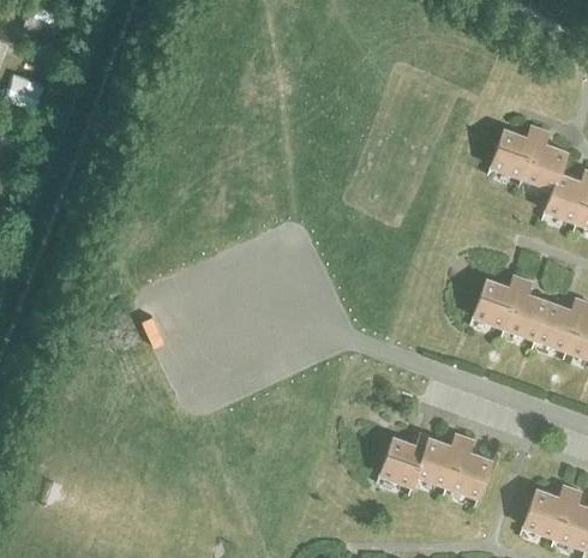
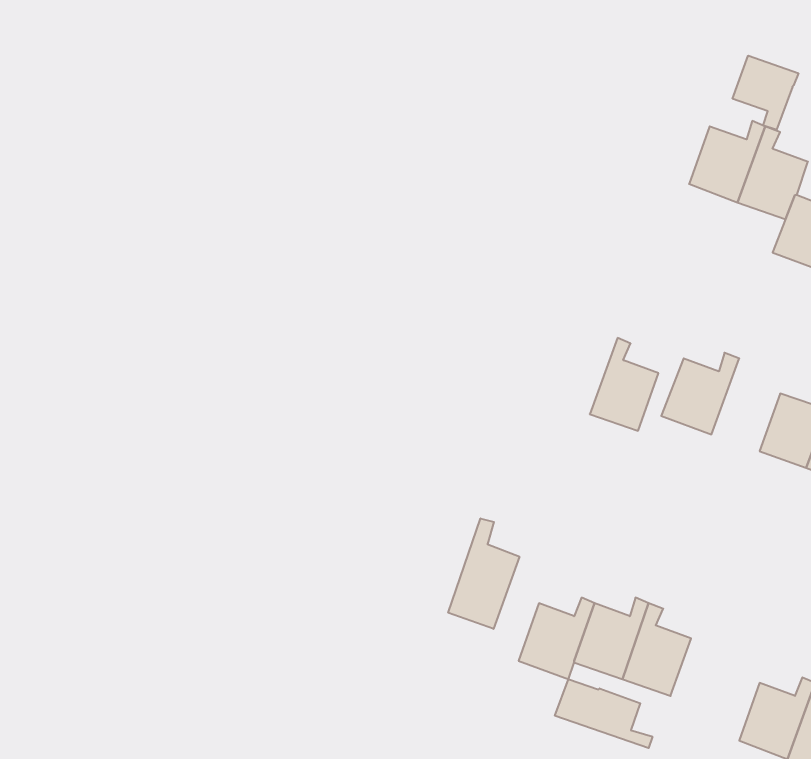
building: none -> [733,56,798,130]
building: [505,280,550,340] -> [590,338,658,431]
building: none -> [448,518,519,629]
building: none -> [555,679,652,748]

